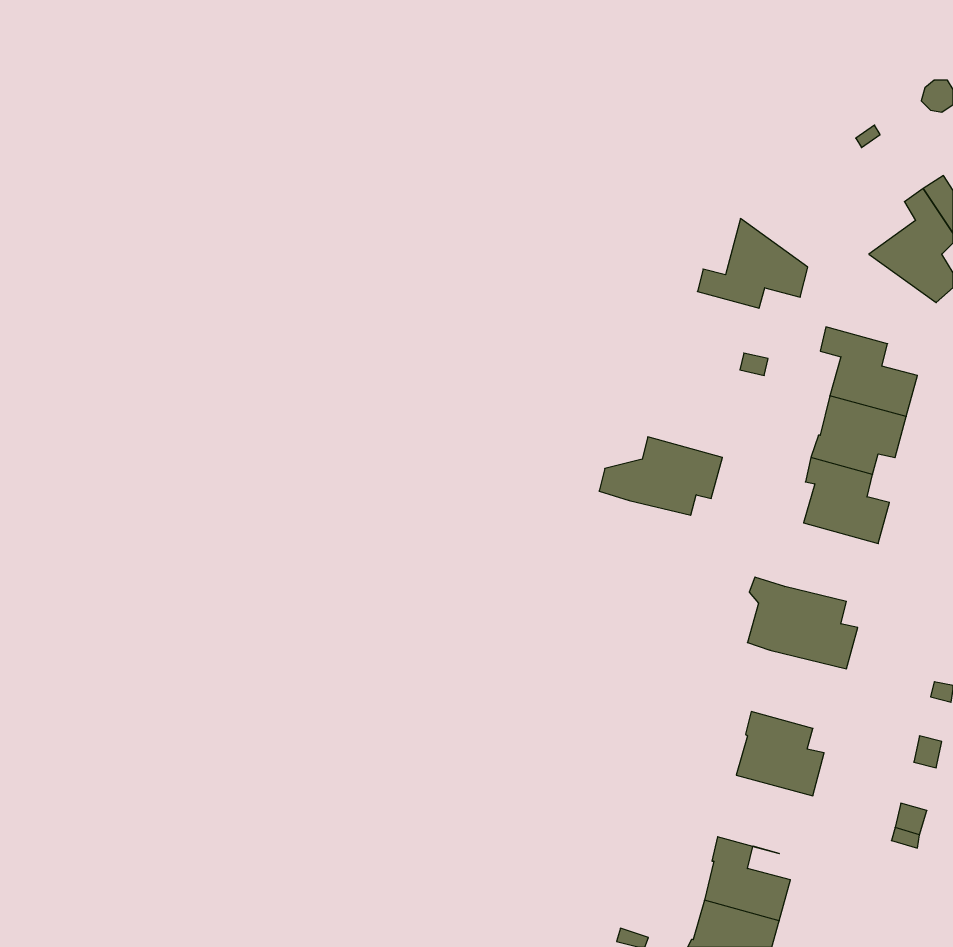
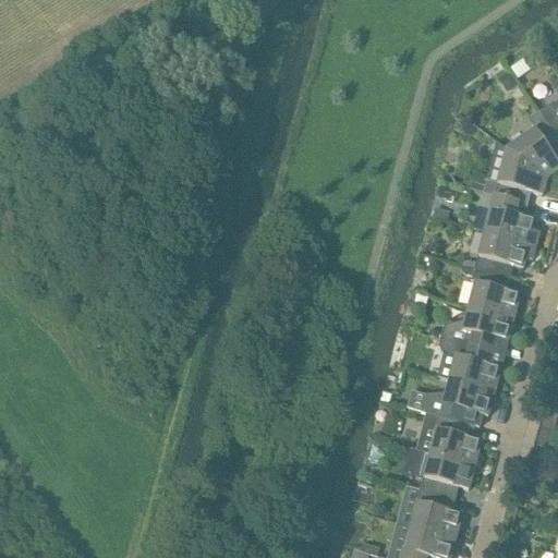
building: [697,219,808,308] -> [482,148,546,201]
building: [599,437,722,515] -> [440,305,512,351]
building: none -> [421,379,494,425]
building: none -> [408,447,474,498]

